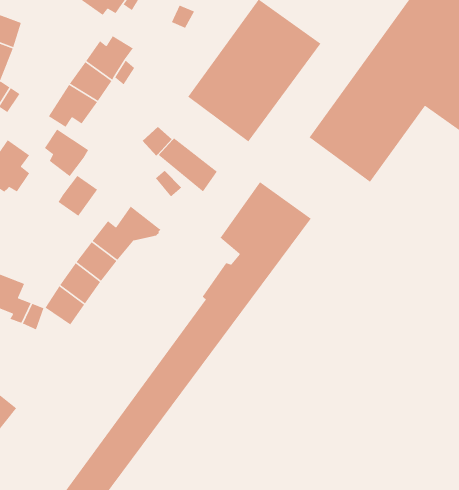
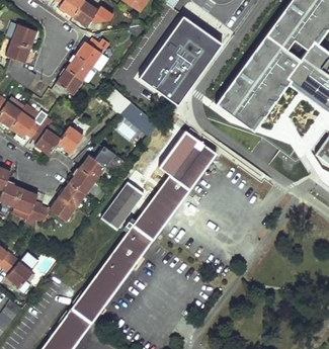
building: [44,129,89,177] -> [32,124,61,155]
building: none -> [102,176,148,229]

